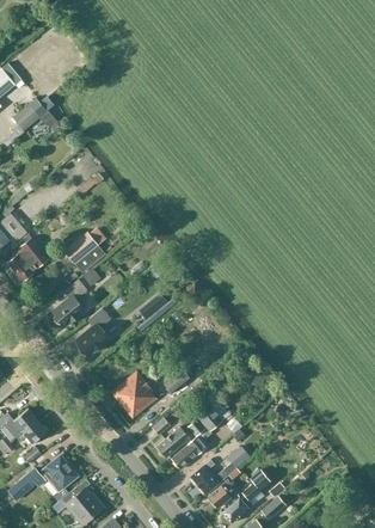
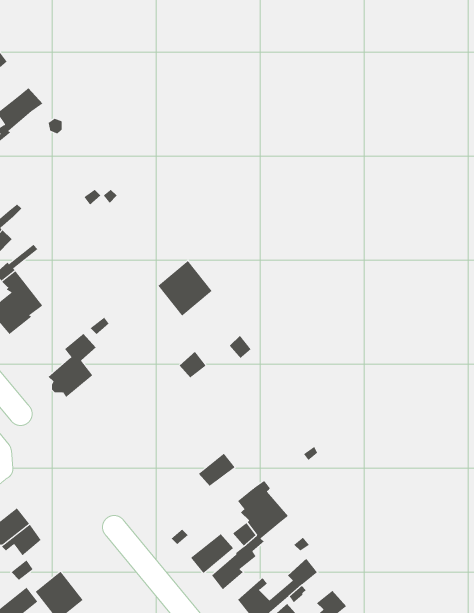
building: [64,232,105,274] -> [157,260,212,317]
building: [75,308,111,356] -> none
building: [111,372,156,418] -> none

